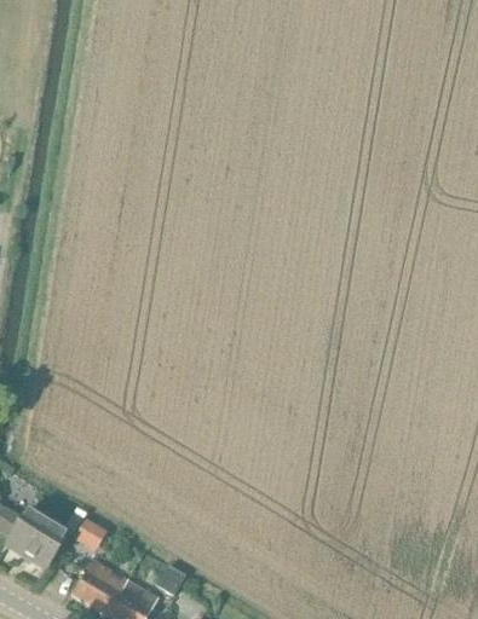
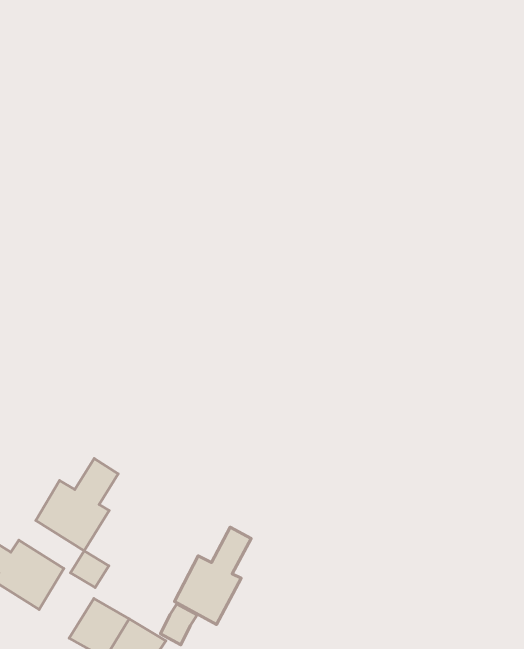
building: none -> [36,458,118,551]
building: none -> [175,527,251,624]

